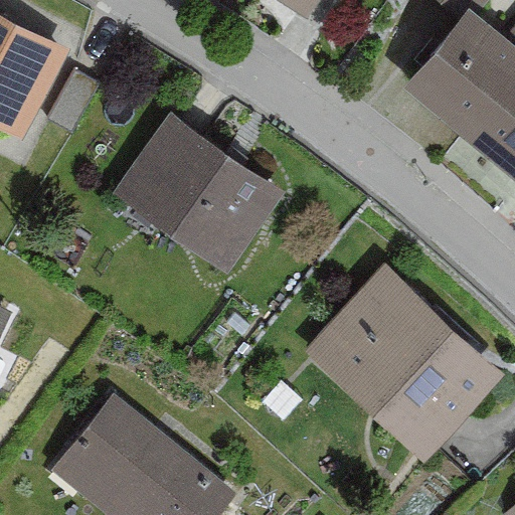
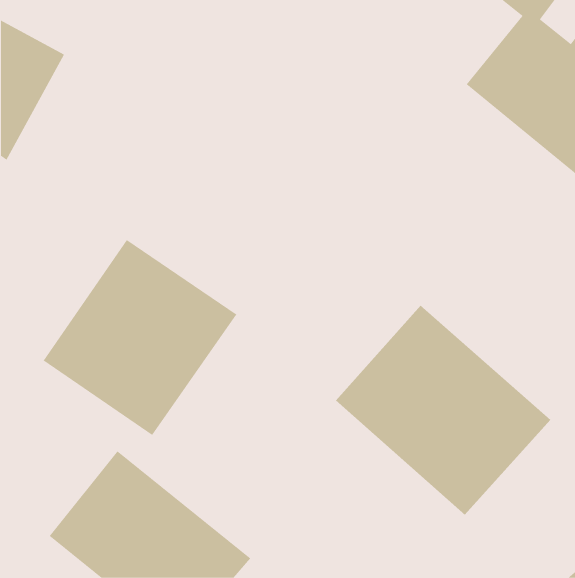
building: [136,124,273,252] -> none
building: none -> [43,239,237,436]

